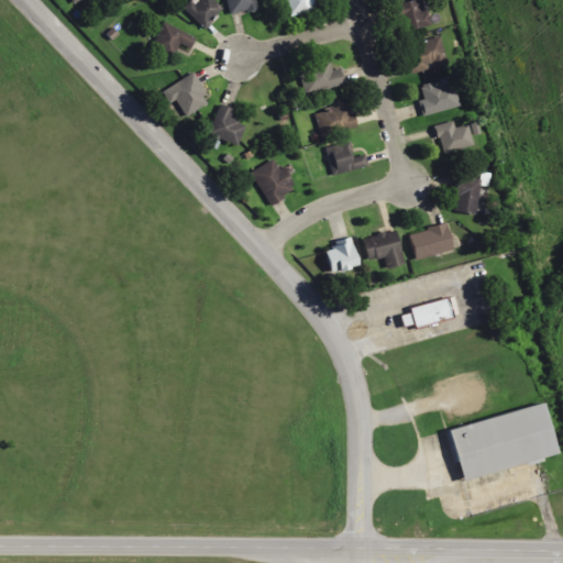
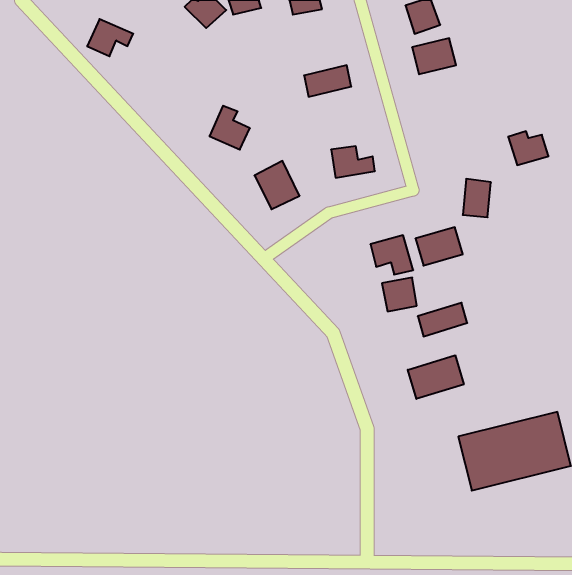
building: [152,22,197,58] -> [87,19,133,56]
building: [163,73,211,115] -> none
building: [419,79,461,114] -> none
building: [314,101,357,135] -> none
building: [435,120,475,153] -> [508,131,549,165]
building: [325,239,360,272] -> [382,278,417,311]
building: none -> [408,355,464,399]

